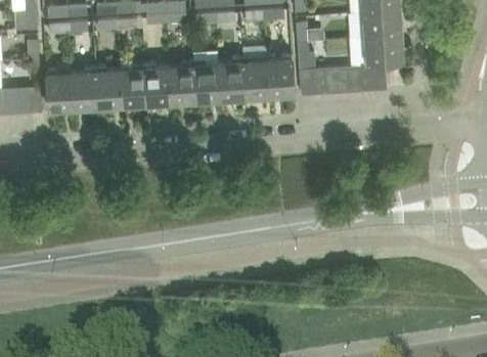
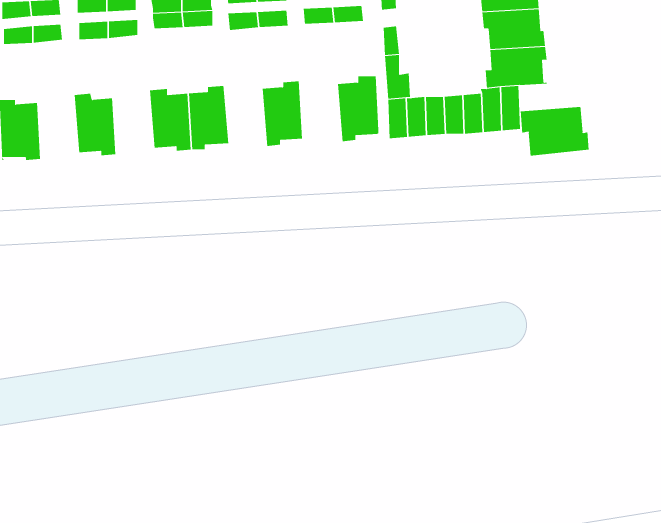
building: [242,54,270,95] -> none
building: [193,57,221,98] -> none
building: [121,61,147,103] -> none
building: [72,64,98,106] -> none
building: none -> [520,106,589,157]

